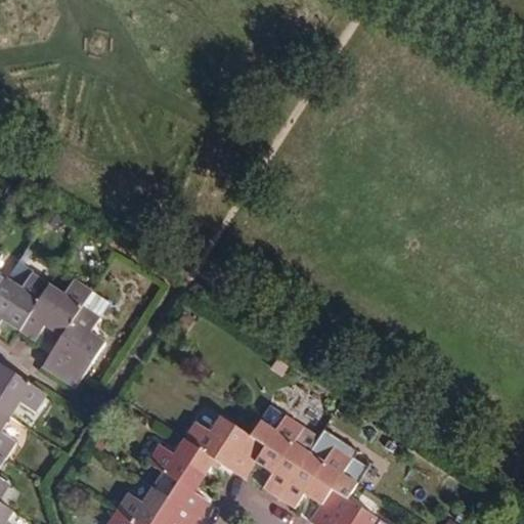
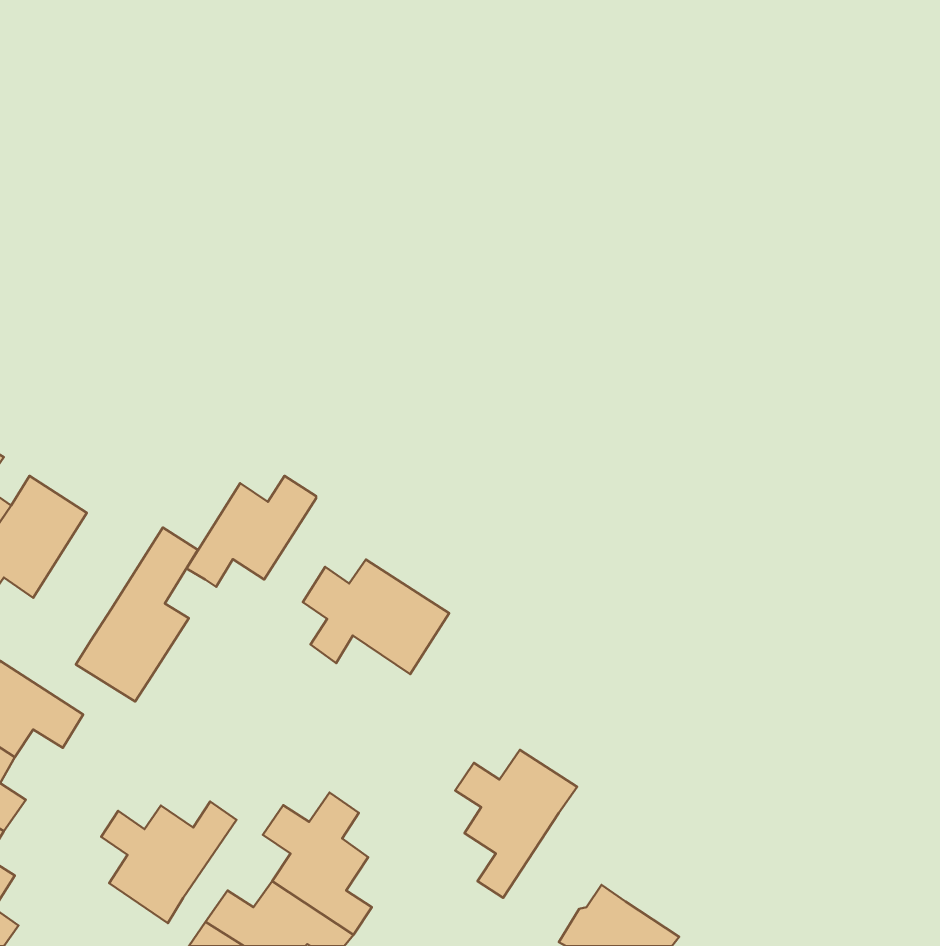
building: [18,279,90,341] -> [186,476,316,587]
building: [185,417,266,480] -> [303,559,449,674]
building: none -> [101,802,237,923]
building: [278,445,357,507] -> none

